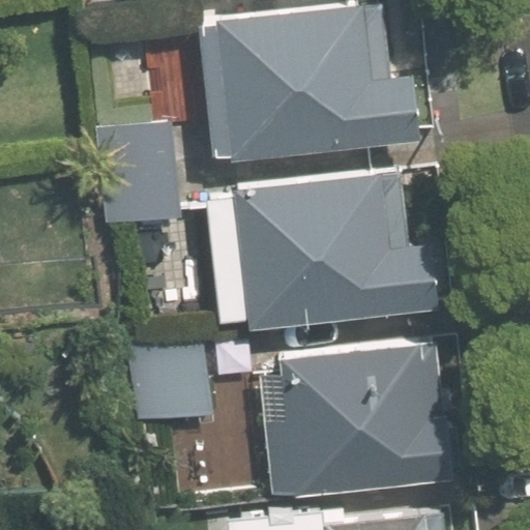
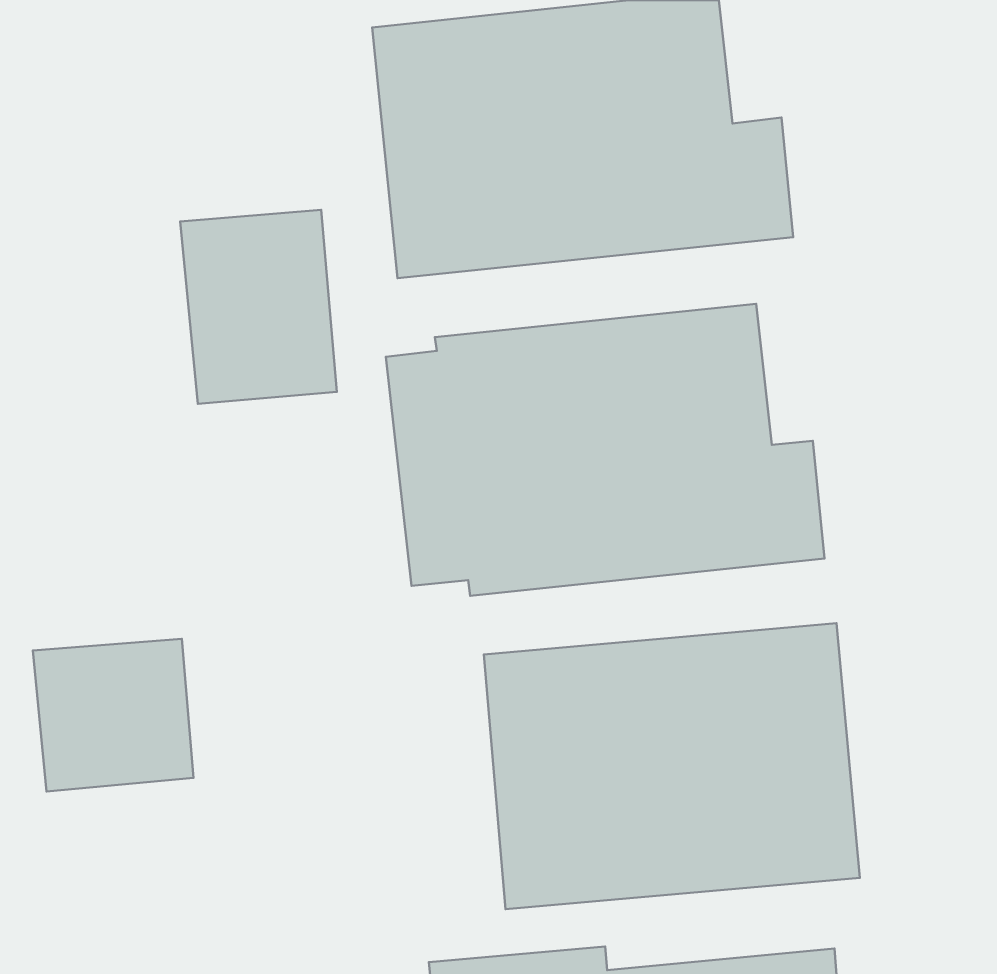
building: [129,344,214,424] -> [33,639,193,792]

